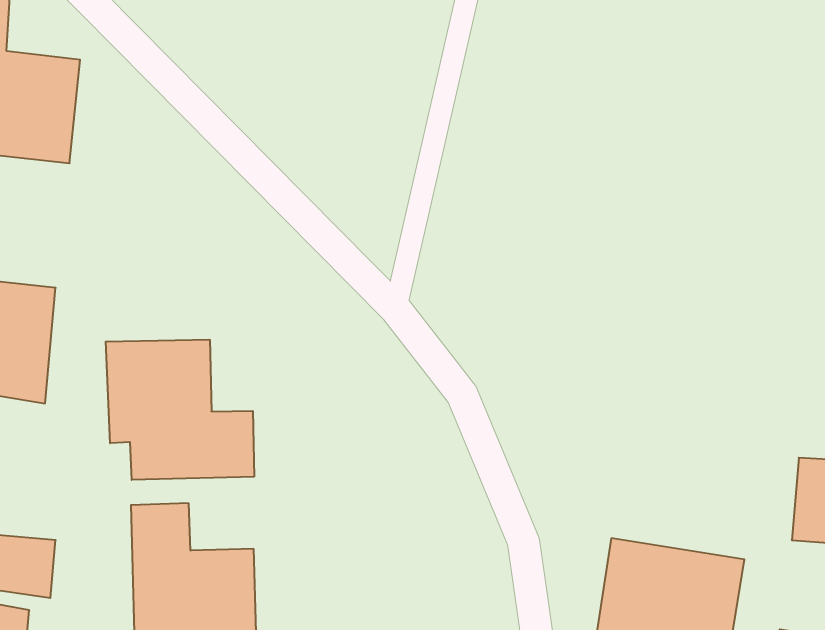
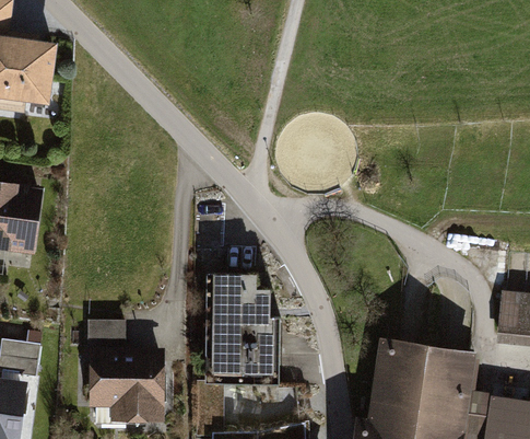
building: [106,340,254,480] -> none
building: none -> [204,274,281,384]

